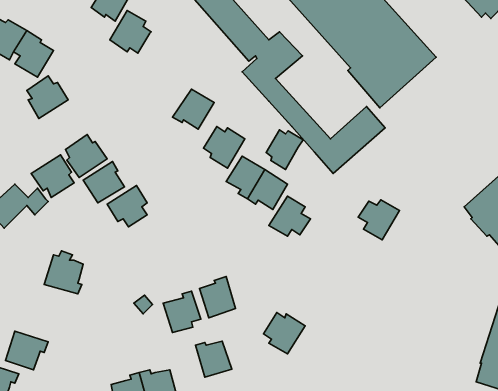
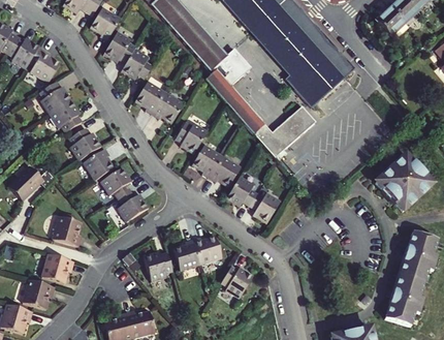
building: none -> [120,49,151,80]
building: none -> [134,81,165,114]
building: [266,130,303,169] -> none
building: [31,155,74,197] -> [47,100,81,133]
building: [358,200,400,240] -> [249,191,281,222]
building: none -> [117,189,148,221]
building: none -> [41,254,74,284]
building: [196,341,232,377] -> [192,234,220,261]

